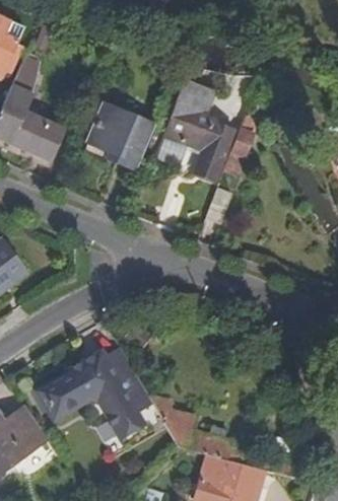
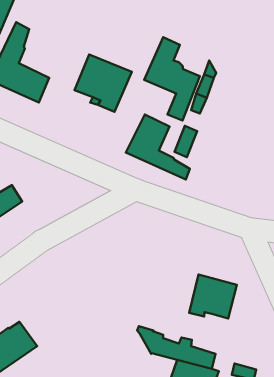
building: none -> [126,115,190,180]
building: [41,350,152,441] -> none
building: none -> [189,274,237,319]

